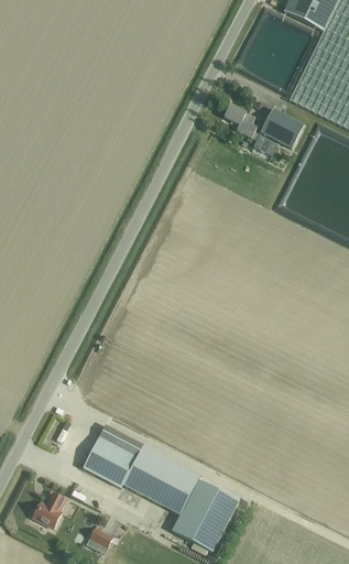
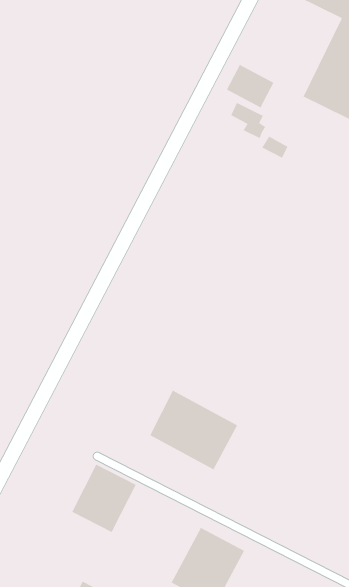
building: [260,109,303,149] -> [226,64,274,109]
building: [121,444,200,516] -> [149,390,239,470]
building: [32,492,65,529] -> none

